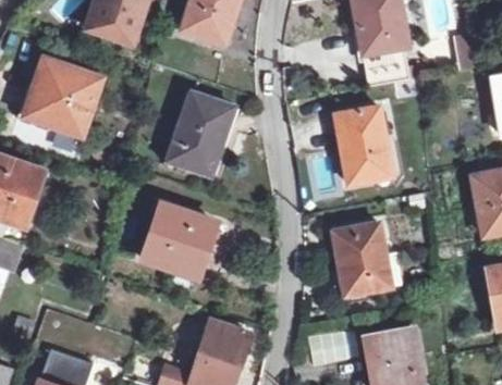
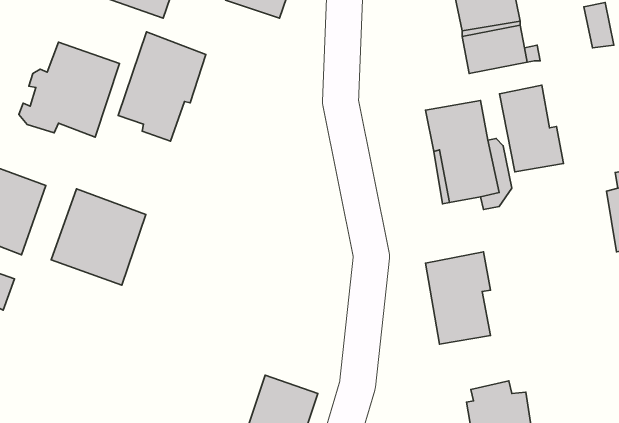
building: [169,90,236,174] -> [118,32,206,141]
building: none -> [499,85,563,172]
building: [144,201,217,275] -> [51,189,146,285]

